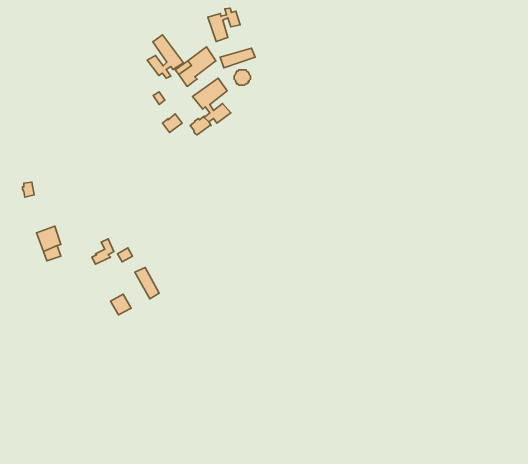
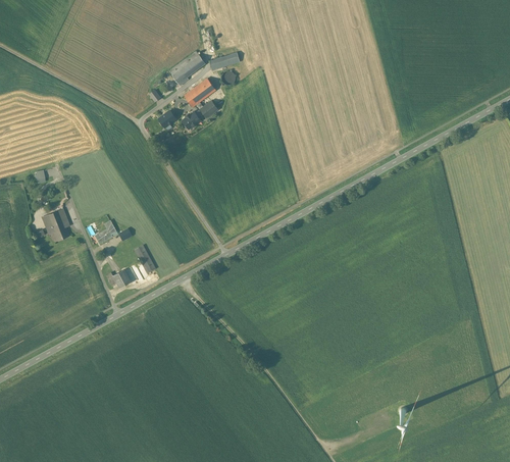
building: [208,8,240,42] -> none
building: [147,35,183,78] -> none

